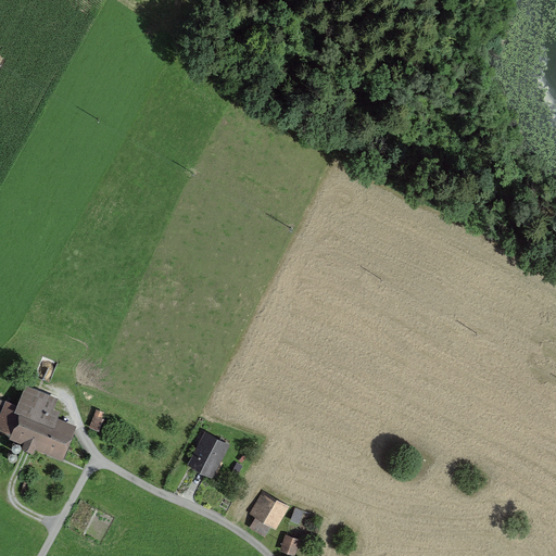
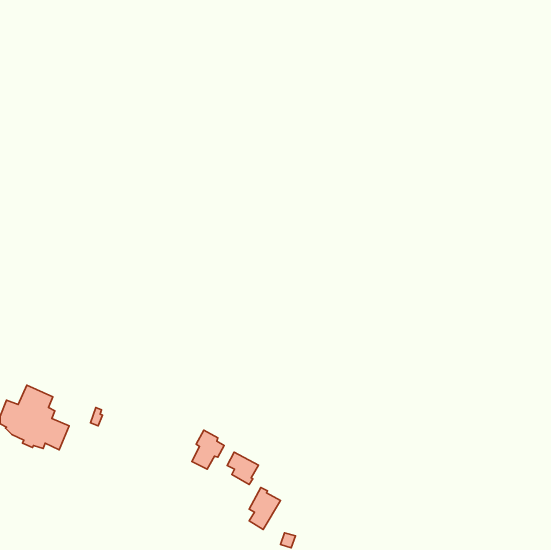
building: none -> [227,452,259,485]

